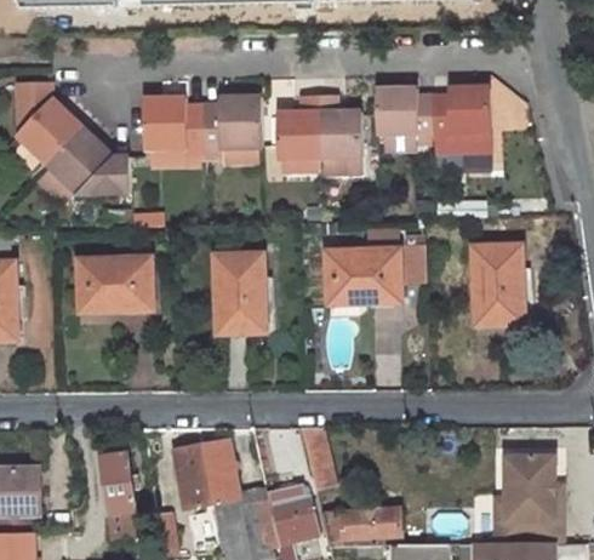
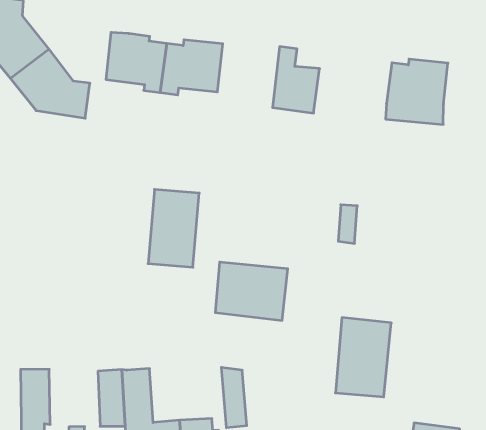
building: [376,90,435,138] -> none
building: [276,95,320,159] -> none
building: [467,246,520,325] -> [335,318,391,397]
building: [322,250,394,304] -> [215,262,288,320]
building: [72,258,145,312] -> none

